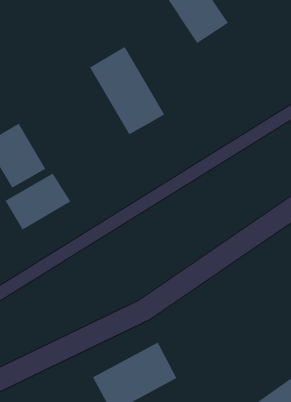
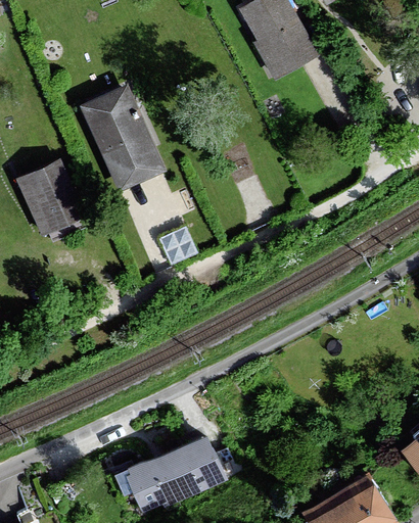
building: [89,46,165,135] -> [79,85,166,191]
building: [5,173,71,230] -> none

